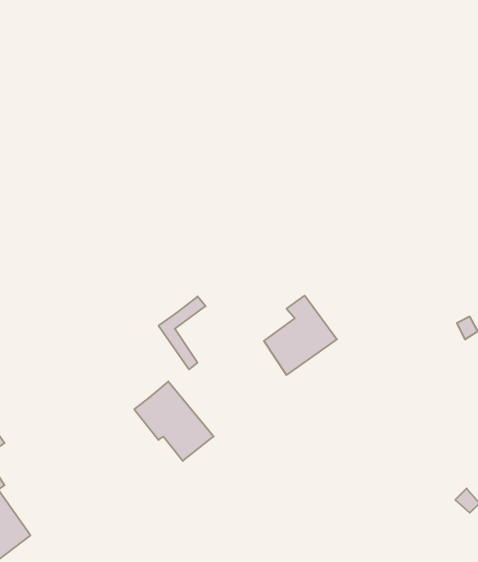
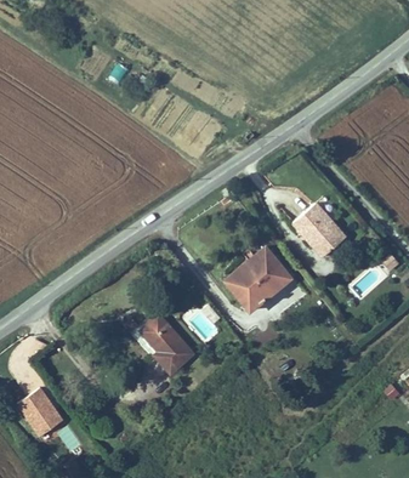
building: none -> [294,204,346,258]
building: [159,296,206,369] -> [225,256,260,311]

